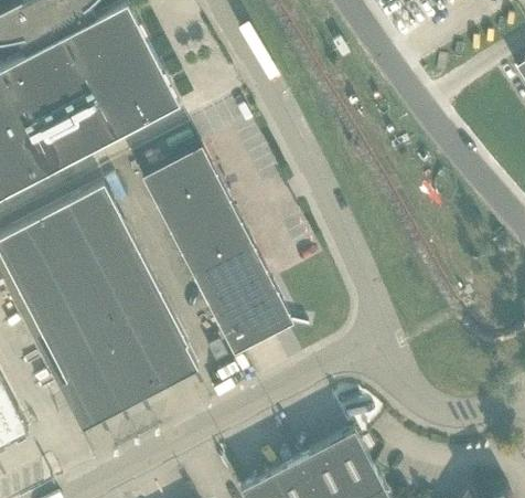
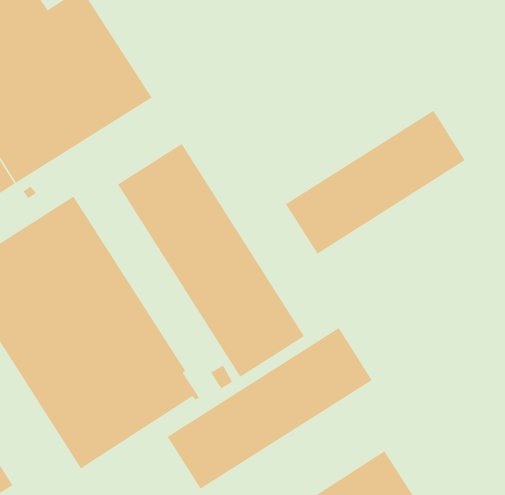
building: none -> [285,110,466,254]
building: none -> [167,327,373,490]

